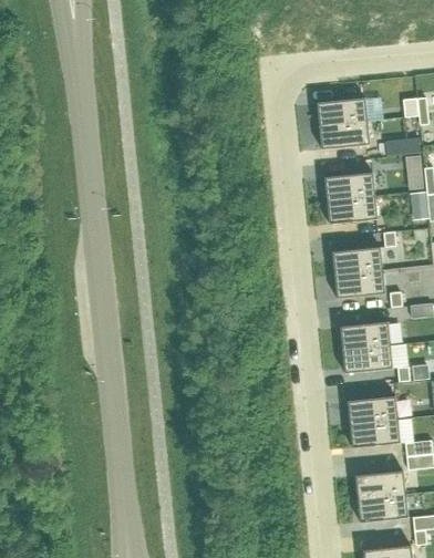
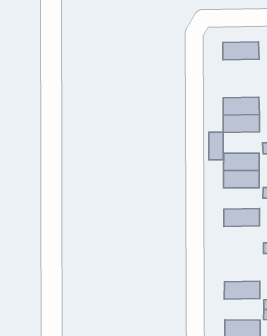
building: [319,121,370,149] -> none
building: none -> [209,132,223,160]
building: [342,344,393,373] -> none
building: [348,395,397,424] -> none

